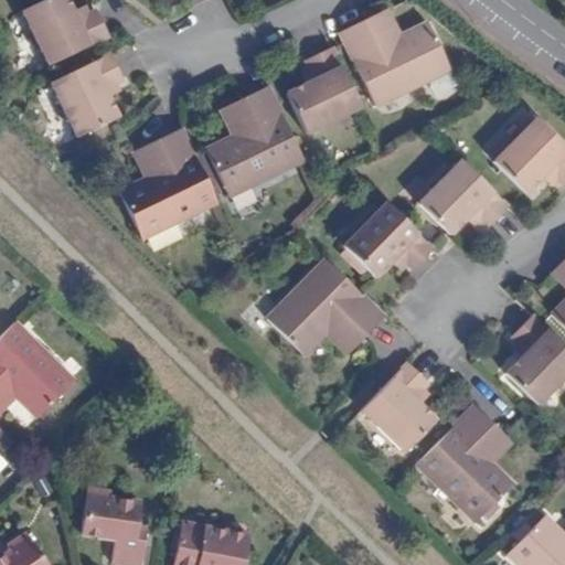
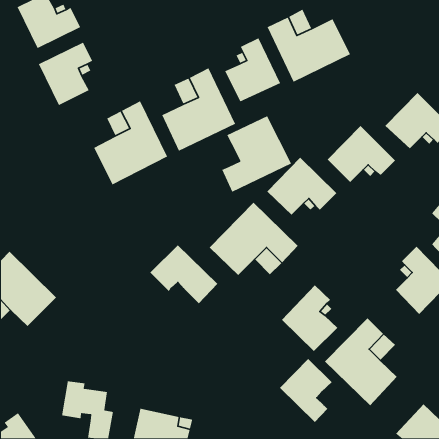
building: none -> [221,115,292,193]
building: none -> [149,244,218,304]
building: none -> [279,358,332,423]

